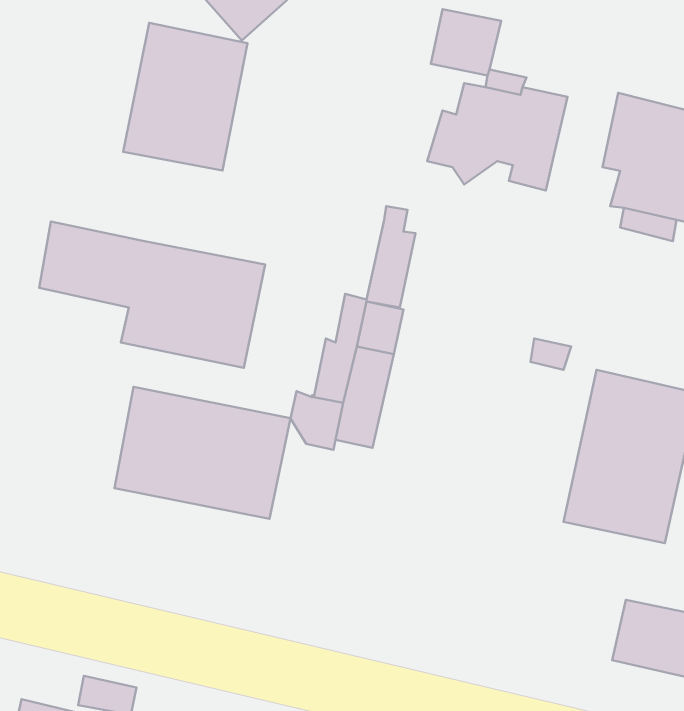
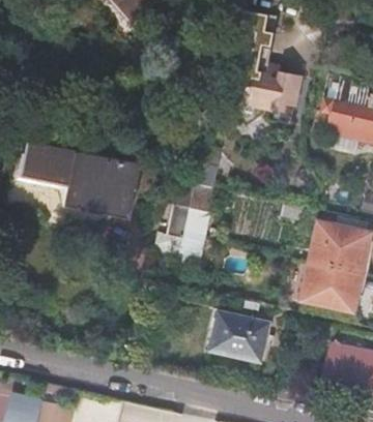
building: [123,23,248,170] -> none
building: [114,387,290,519] -> none
building: none -> [210,311,270,361]

